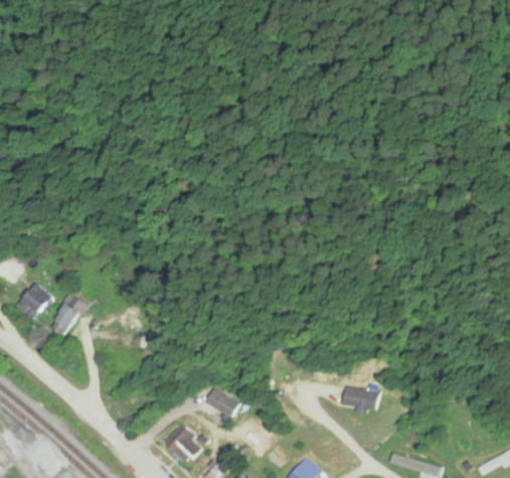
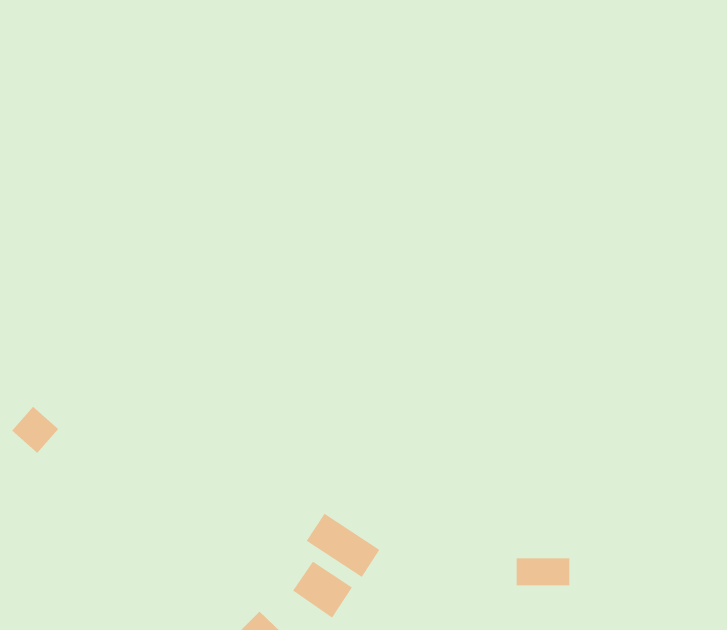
building: [51,293,87,333] -> none
building: none -> [306,513,380,578]

